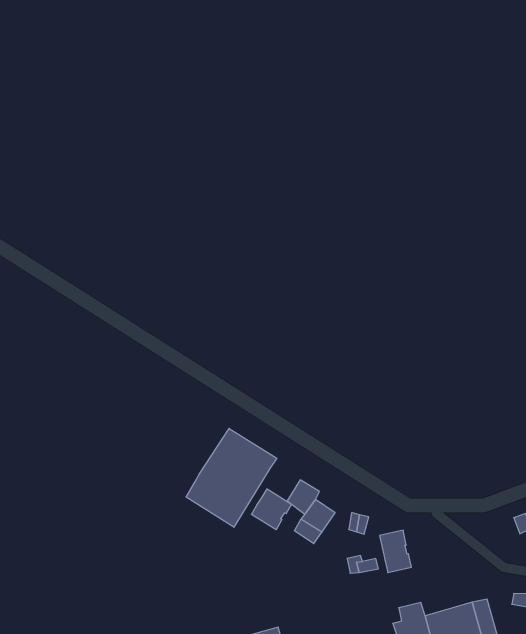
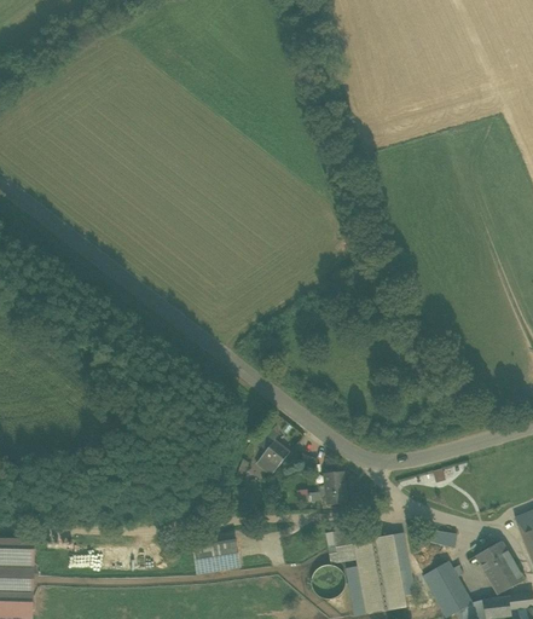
building: [186,428,277,527] -> none
building: [251,489,292,530] -> none

